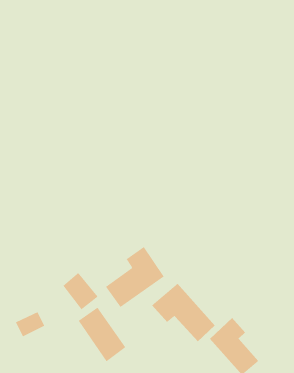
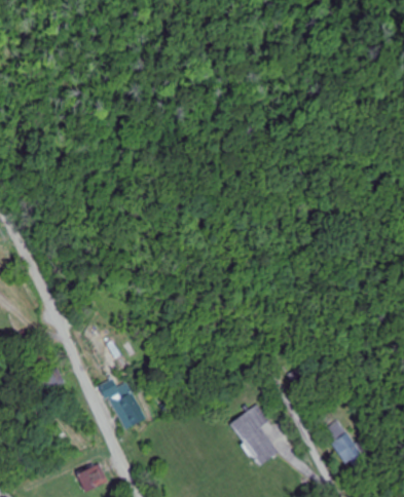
building: [105,246,165,308] -> none
building: [151,283,216,342] -> none

